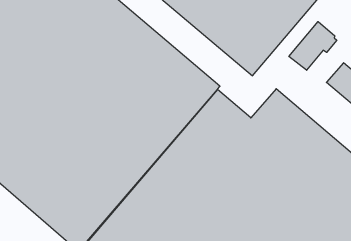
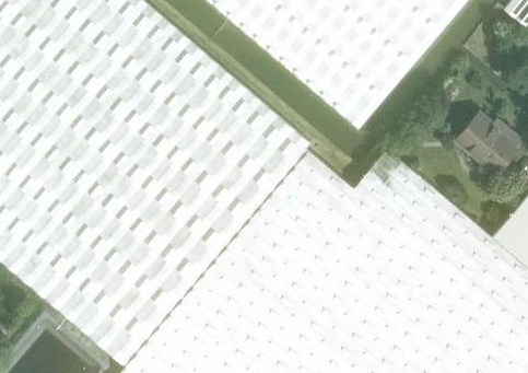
building: [289,22,337,70] -> none

